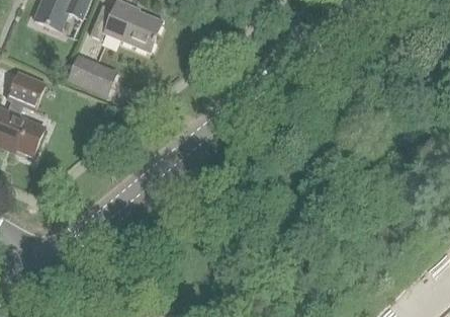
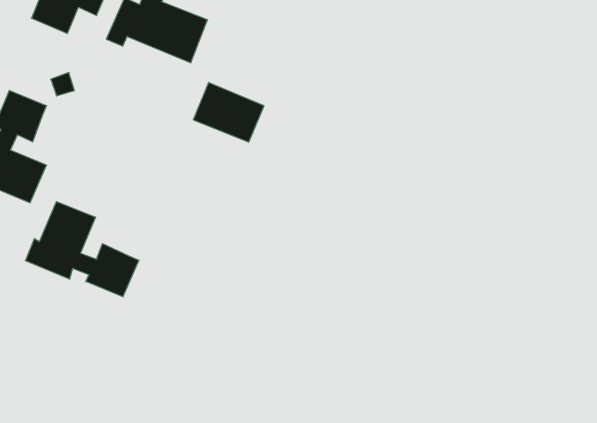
building: [67,53,118,96] -> [193,82,264,142]
building: none -> [25,202,139,297]

